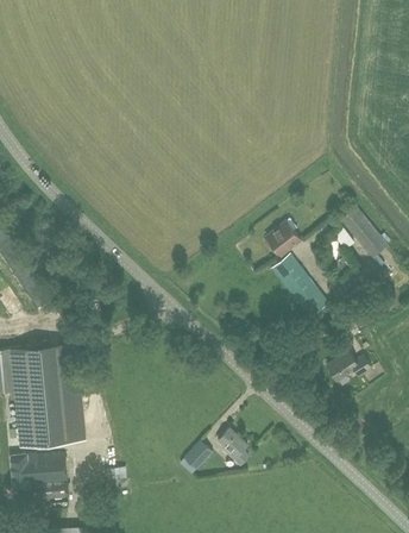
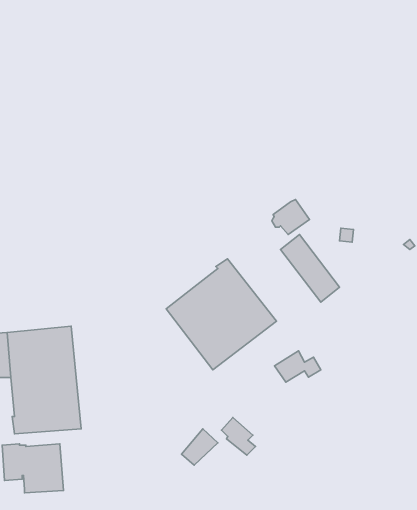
building: [339,205,386,257] -> none
building: none -> [166,259,277,370]
building: [326,350,370,380] -> [275,351,321,382]

